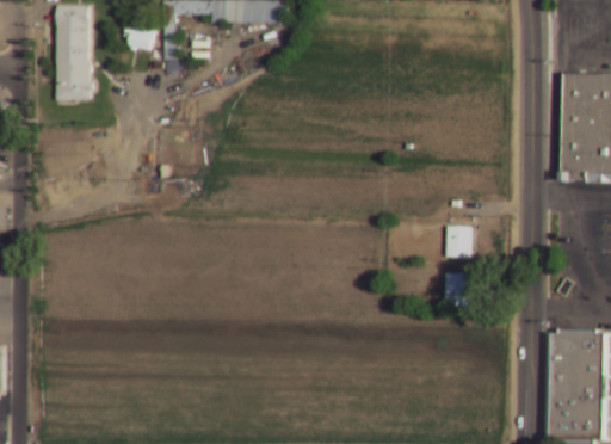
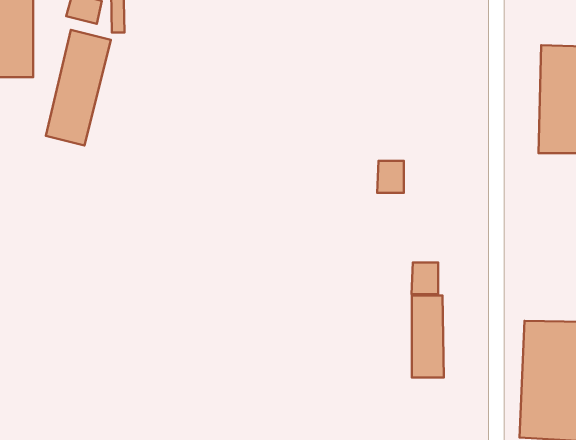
building: none -> [46,30,111,145]
building: [448,227,473,257] -> [377,161,404,193]
building: none -> [412,295,444,377]

